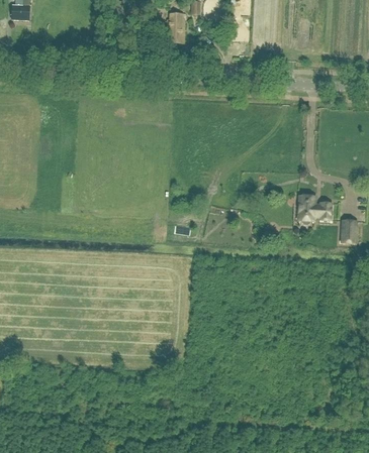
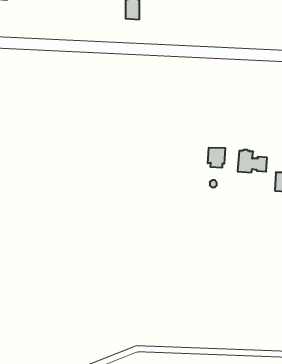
building: none -> [208,148,225,168]

